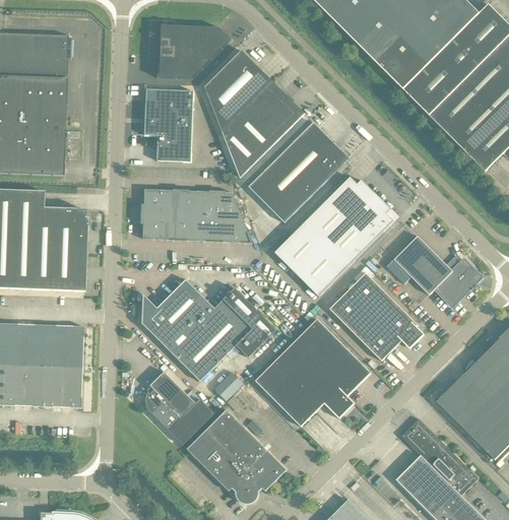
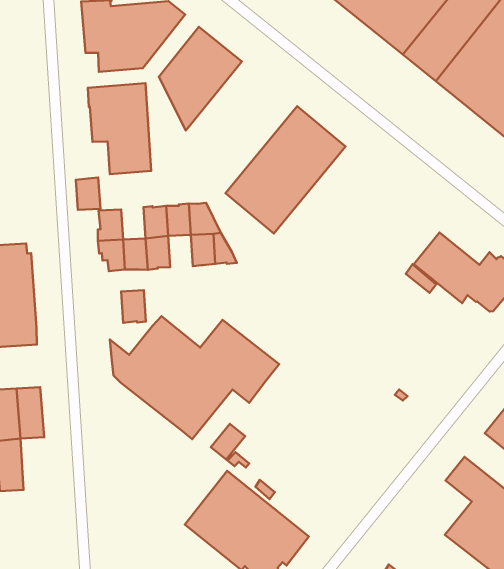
building: [221,81,305,178] -> none
building: [274,177,394,296] -> none
building: [162,190,181,215] -> [76,177,100,210]
building: [197,215,216,242] -> [121,290,146,323]
building: [329,272,424,361] -> none
building: [255,319,370,427] -> none
building: [60,366,81,407] -> none
building: [145,371,214,445] -> none

